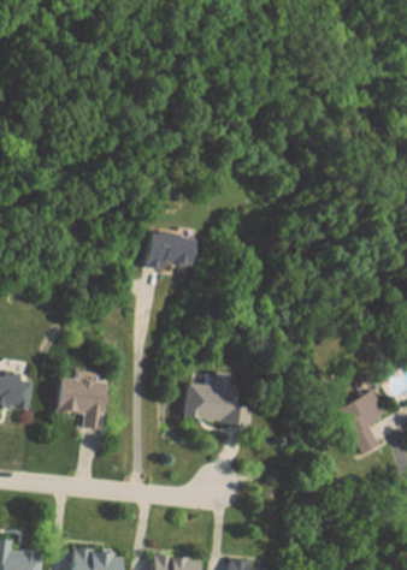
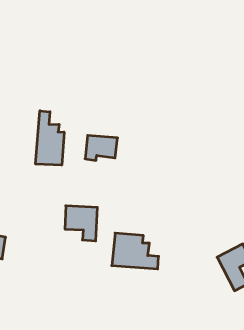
building: none -> [36,111,64,165]
building: [58,378,105,428] -> [65,206,97,241]

